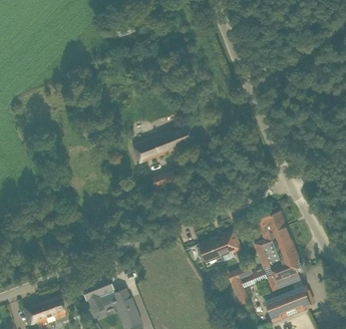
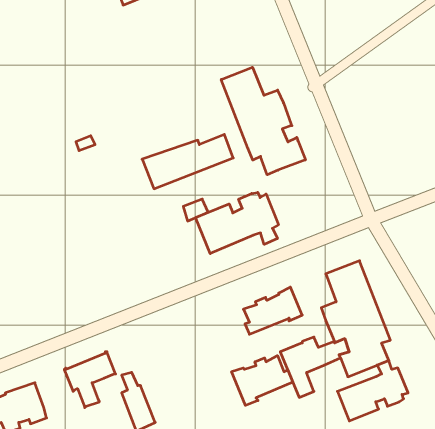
building: none -> [221,67,305,175]
building: none -> [196,192,278,254]
building: none -> [232,356,293,405]

